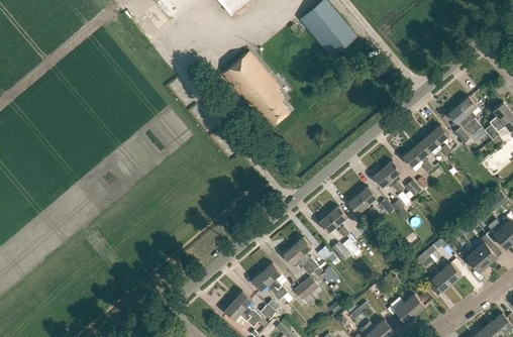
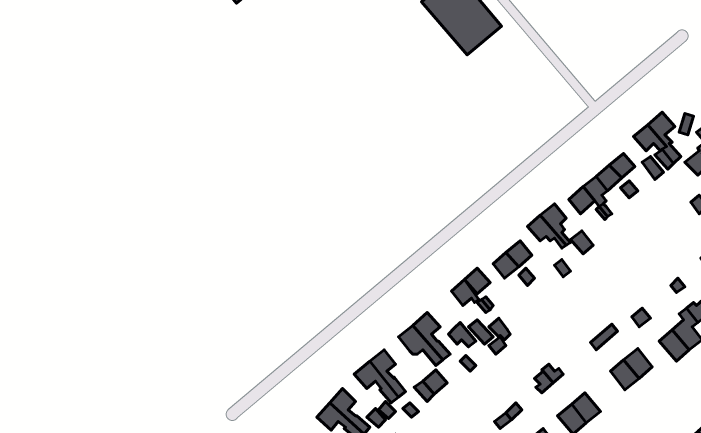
building: [221,50,288,123] -> none

